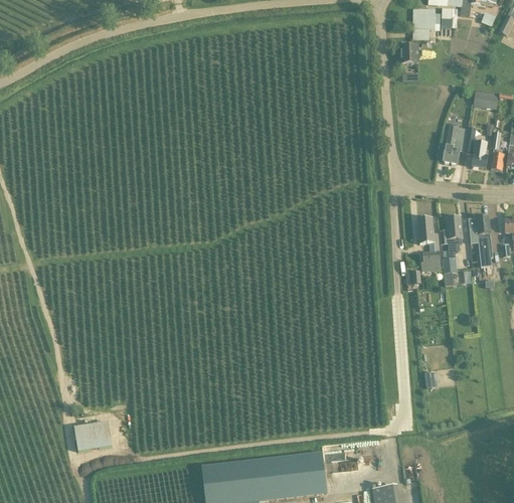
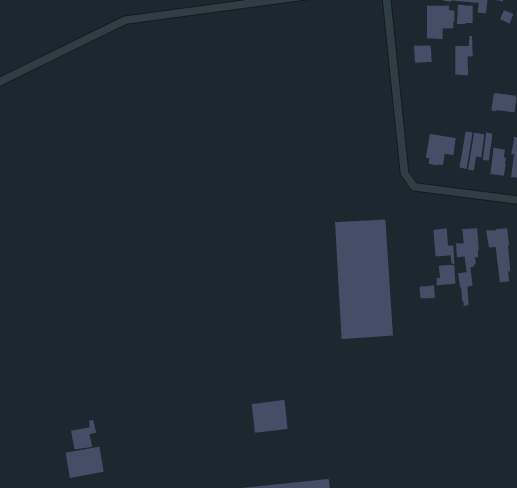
building: none -> [455,35,473,76]
building: none -> [425,133,456,166]
building: none -> [335,219,393,340]
building: none -> [251,399,288,433]
building: none -> [71,419,97,450]

